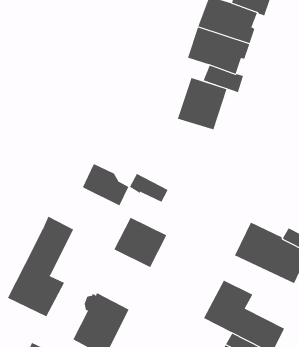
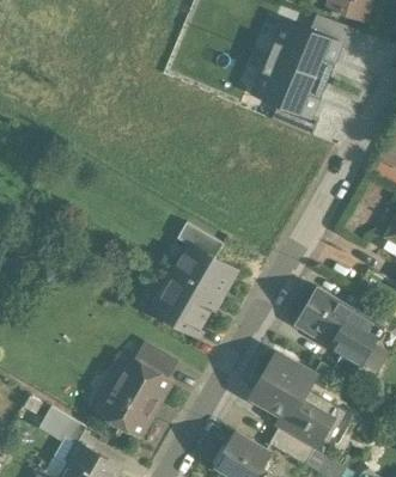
building: [177,77,227,131] -> none
building: [82,163,129,206] -> [173,246,229,298]
building: [7,216,74,317] -> none
building: none -> [132,343,175,379]

